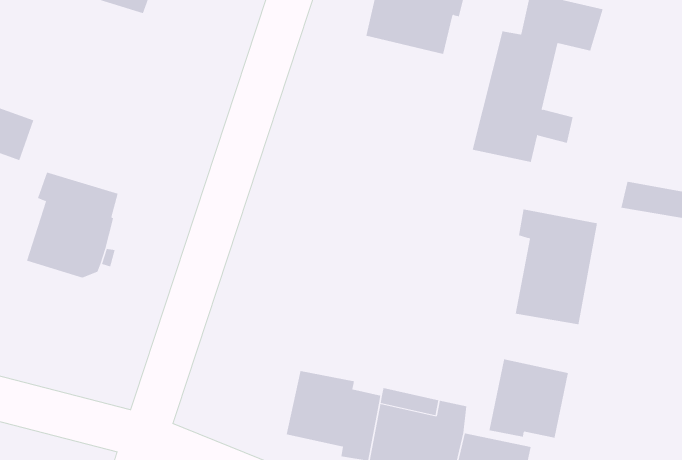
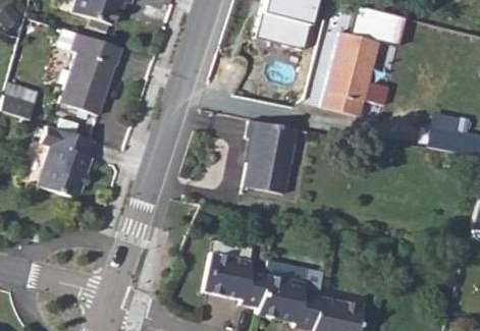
building: none -> [61,31,122,112]
building: [515,209,598,325] -> [243,117,297,192]
building: [489,358,568,439] -> none

